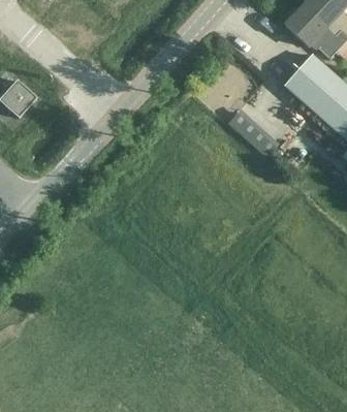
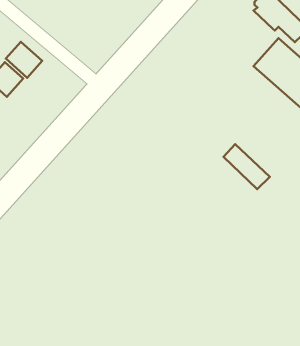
building: none -> [6,42,42,78]
building: [229,105,279,154] -> [224,144,270,189]

